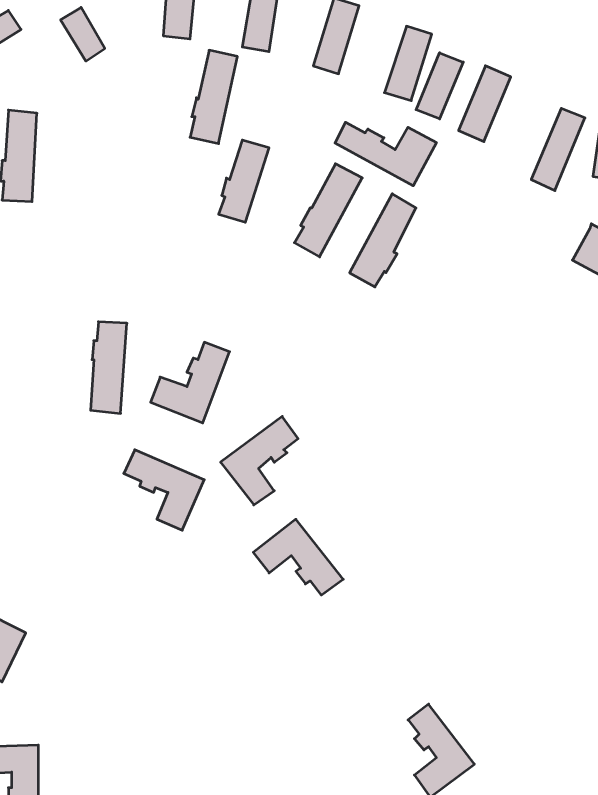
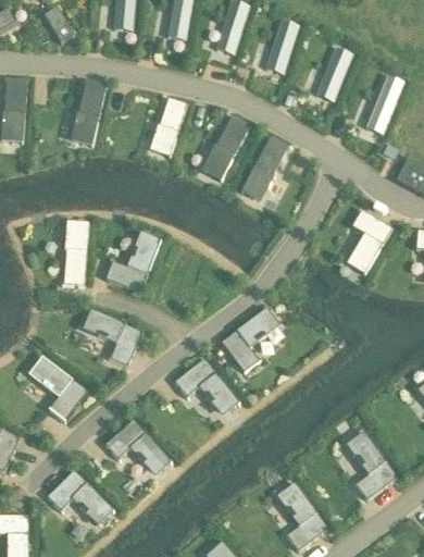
building: [190,50,237,144] -> [73,79,105,144]
building: [416,53,463,119] -> none
building: [335,122,436,186] -> none
building: none -> [349,210,391,272]
building: [221,416,298,505] -> [221,310,274,371]
building: none -> [34,359,87,421]
building: none -> [105,420,167,471]
building: none -> [350,434,396,499]
building: none -> [48,471,111,521]

